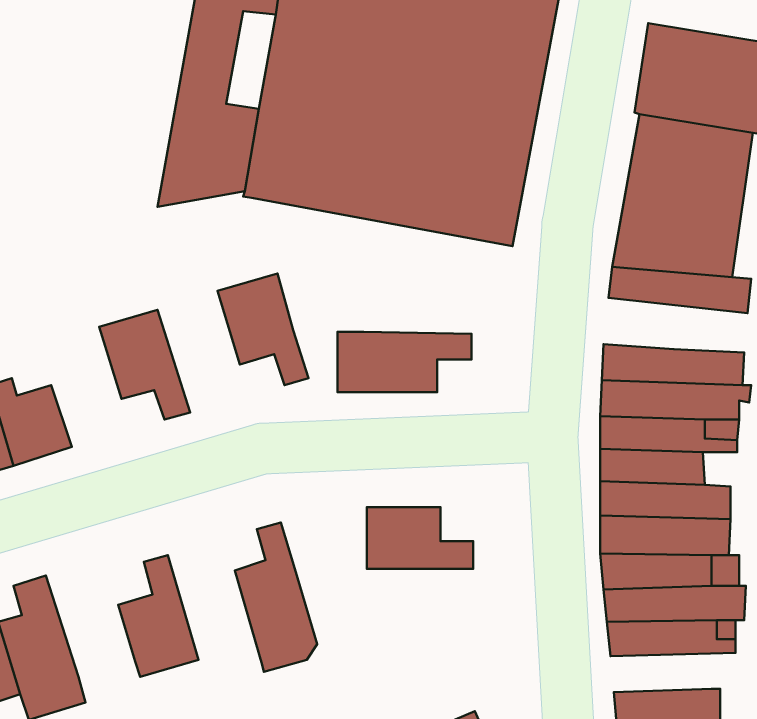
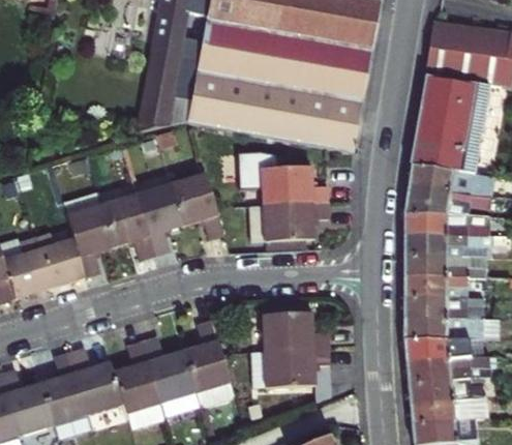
building: none -> [233,150,327,206]
building: none -> [138,180,187,254]
building: none -> [406,184,493,215]
building: none -> [66,202,116,274]
building: none -> [144,334,201,415]
building: none -> [70,346,124,413]
building: none -> [264,348,329,384]
building: none -> [411,398,487,422]

